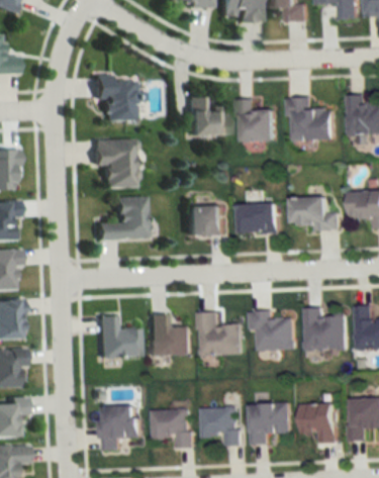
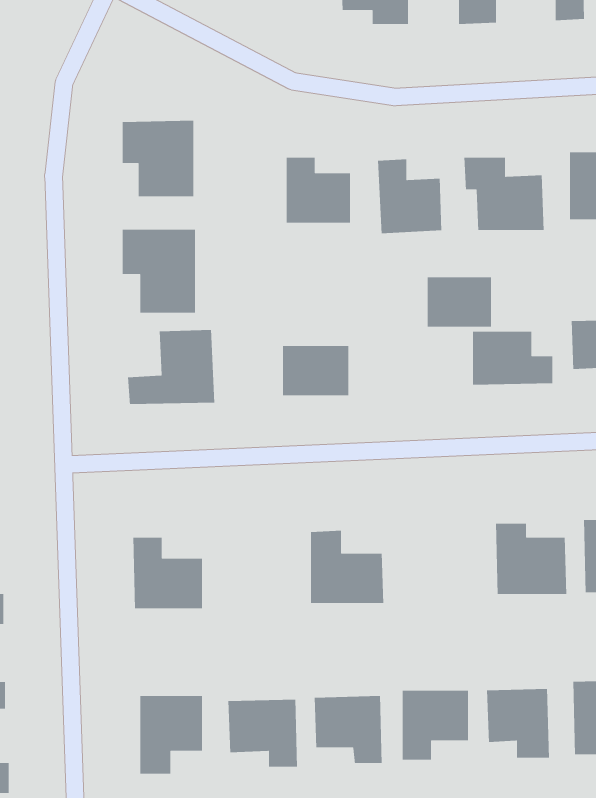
building: [240,203,277,232] -> [427,276,492,327]
building: [250,310,294,350] -> none
building: [149,313,189,355] -> none

